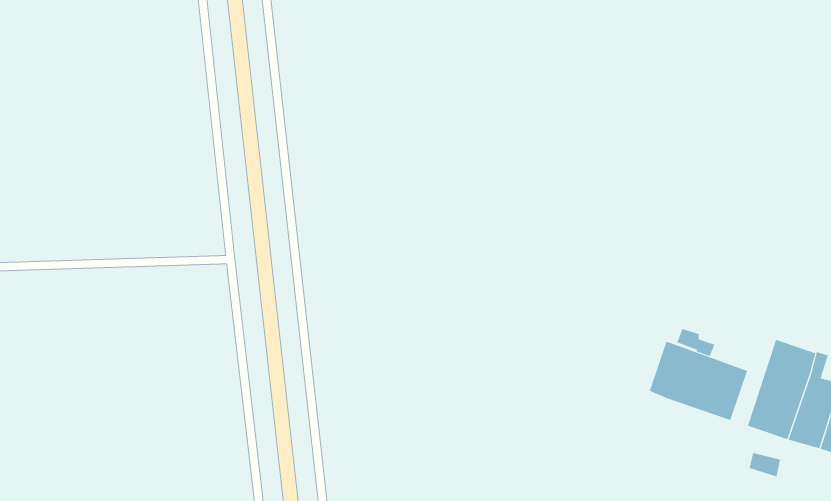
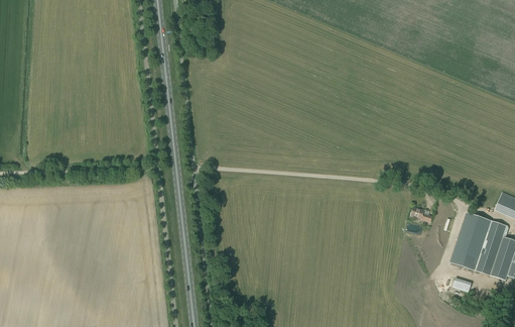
building: [649,341,748,421] -> none

